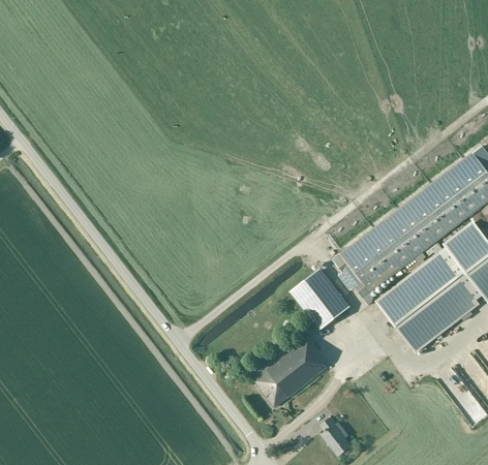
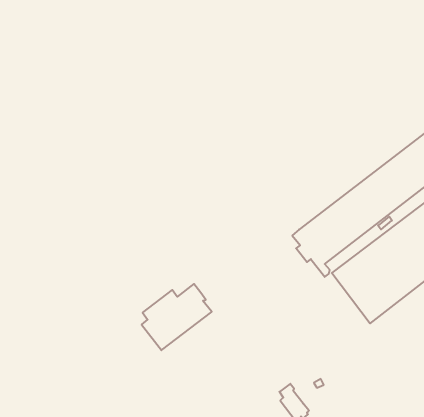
building: [292,267,349,328] -> none
building: [253,336,327,405] -> [142,284,212,350]

